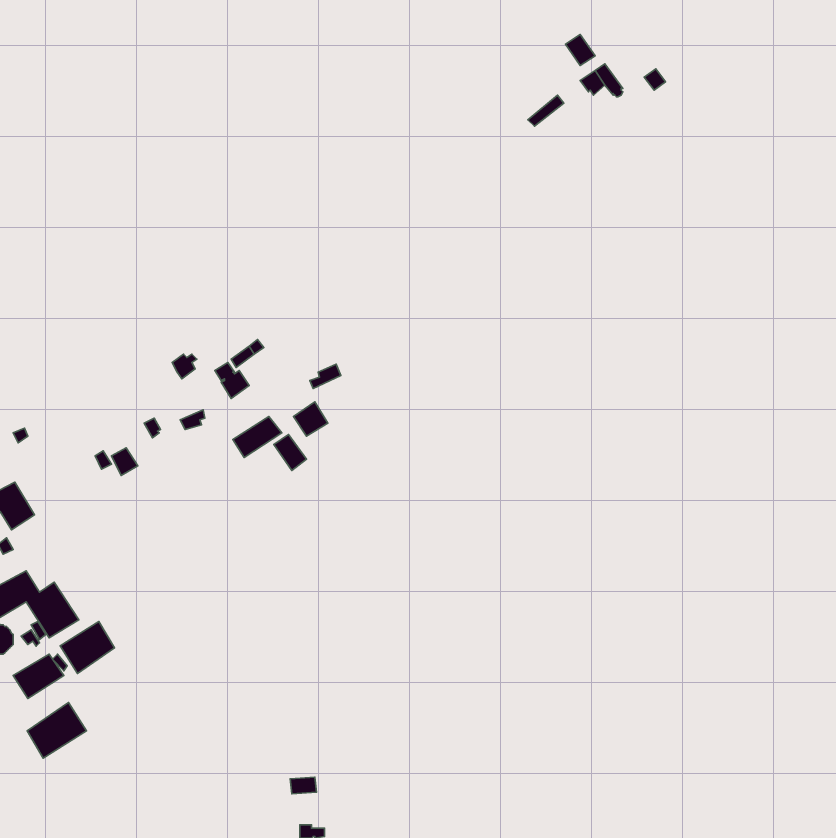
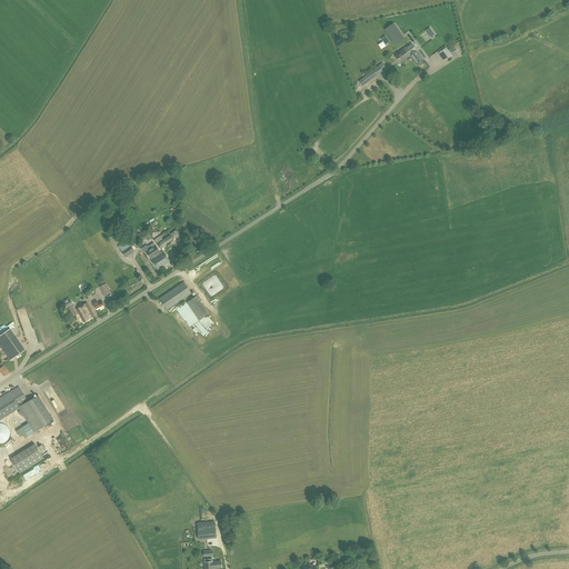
building: [60,621,115,673] -> none
building: [27,702,87,758] -> none

